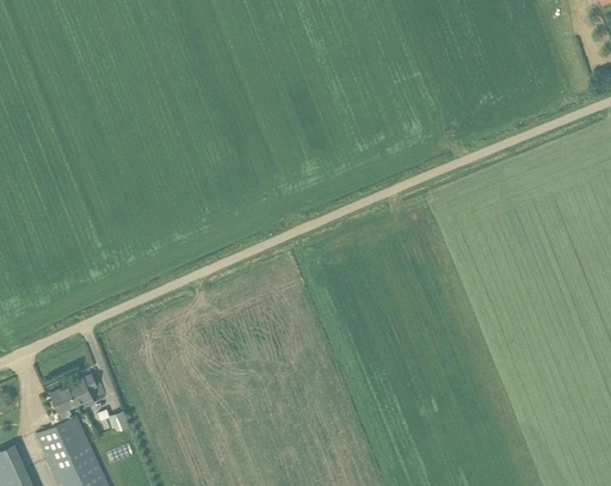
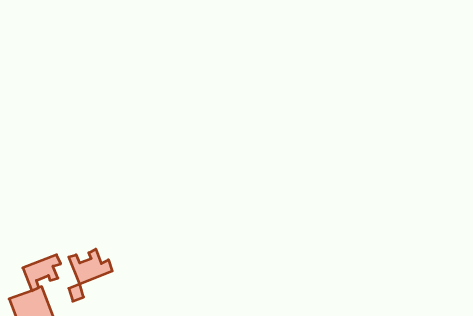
building: none -> [69,249,112,284]

